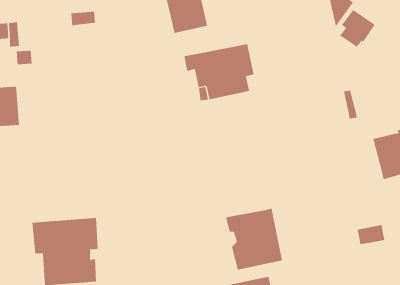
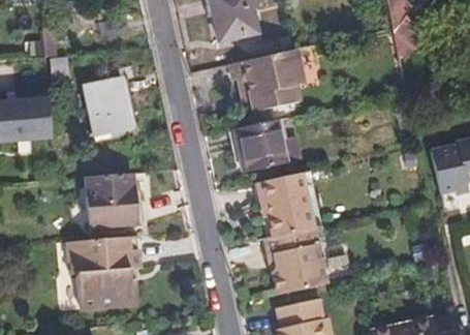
building: none -> [81,79,132,136]
building: none -> [232,120,291,171]
building: none -> [259,171,315,235]
building: none -> [86,173,135,225]

